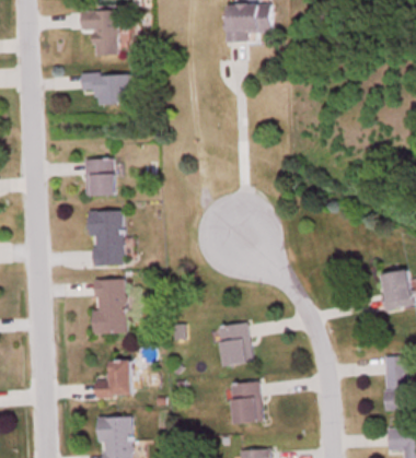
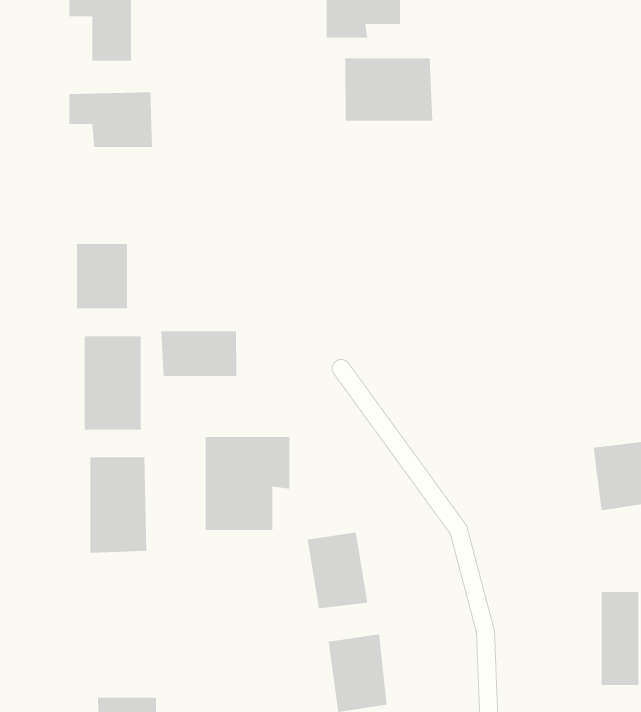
building: none -> [345,57,433,121]
building: none -> [161,331,237,377]
building: none -> [205,436,290,531]
building: [95,360,131,397] -> none

